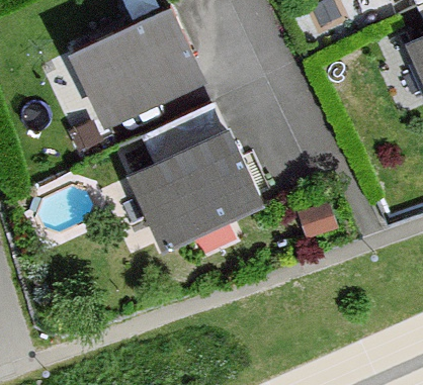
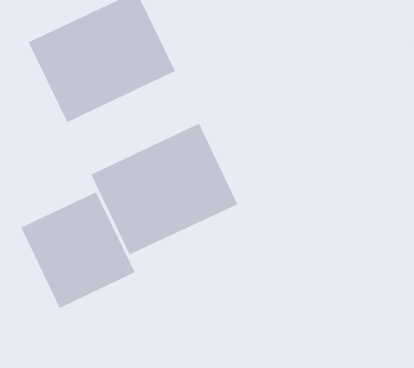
building: none -> [21,192,136,309]

